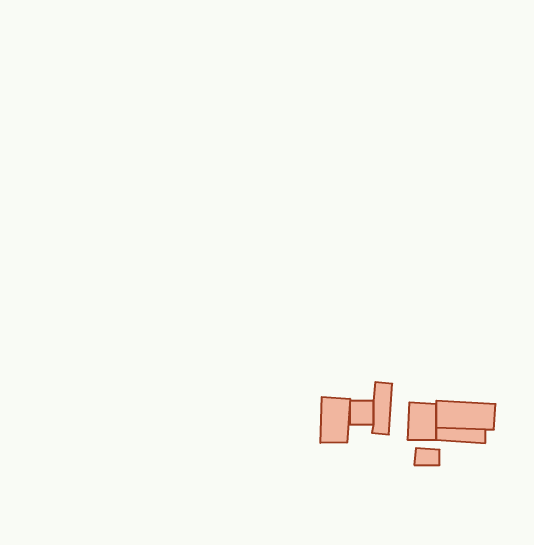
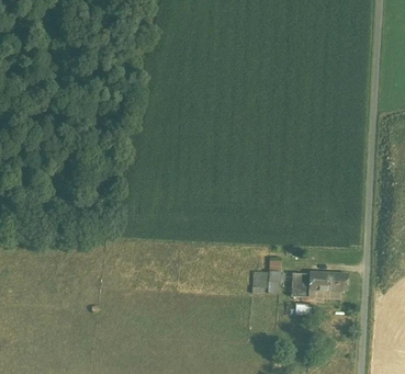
building: [320,397,350,443] -> none

